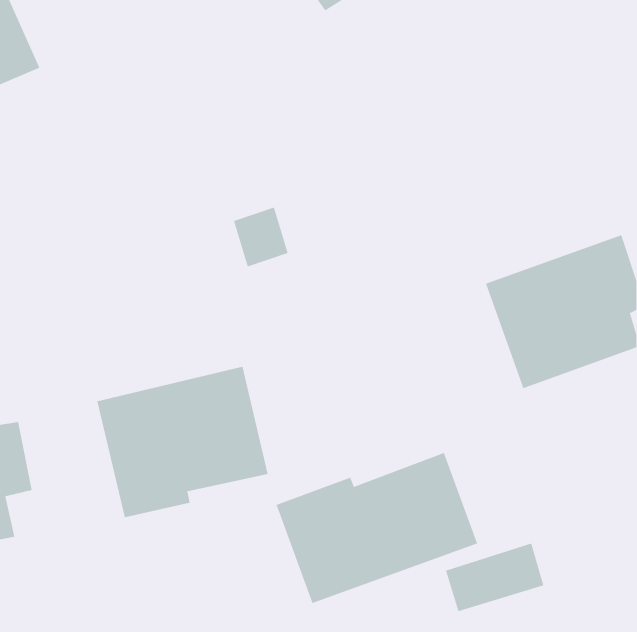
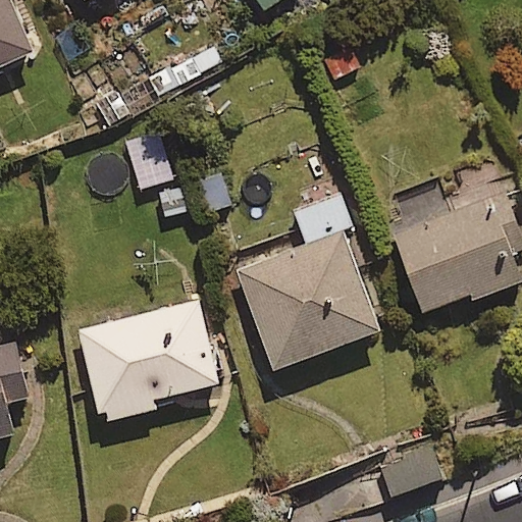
building: none -> [237,191,379,370]
building: [276,452,478,604] -> none

